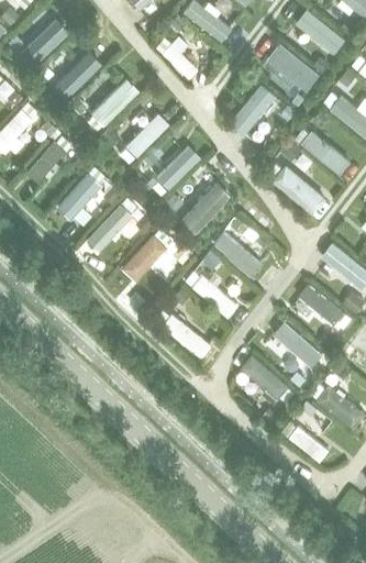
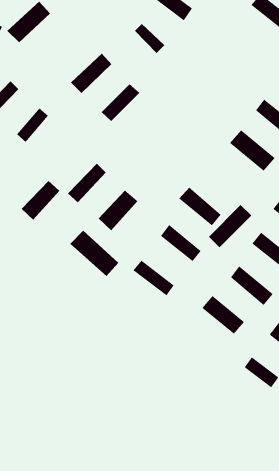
building: [267,43,319,90] -> none
building: [53,52,101,99] -> none
building: [229,85,276,135] -> none
building: [156,146,200,189] -> none
building: [56,174,101,220] -> [21,180,60,220]
building: [181,183,232,233] -> [208,204,252,248]
building: none -> [70,230,119,277]

